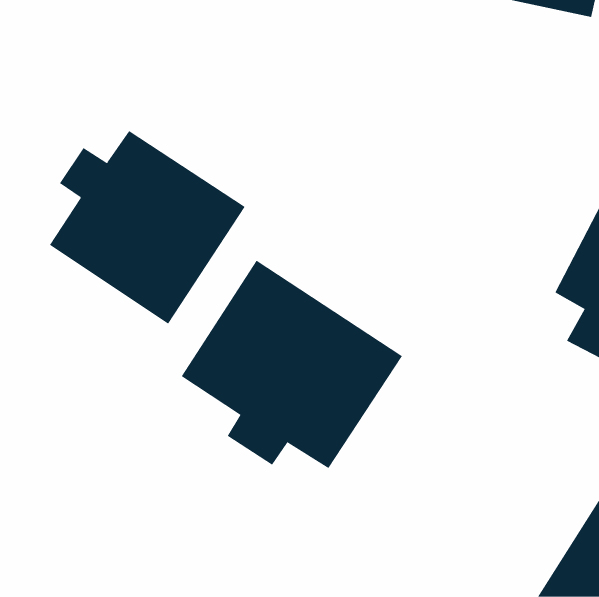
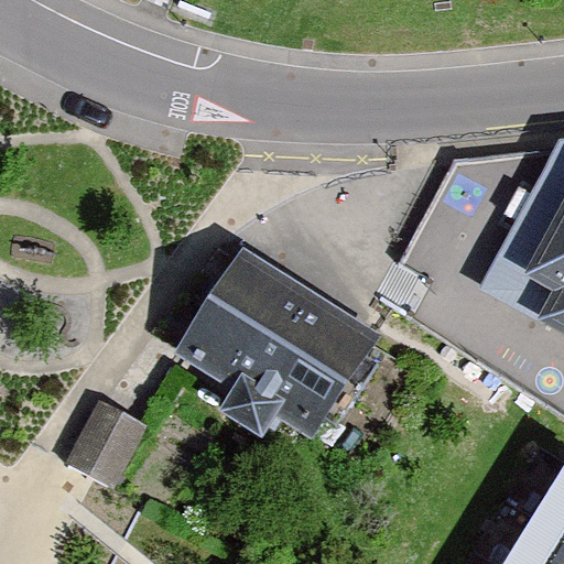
building: [49,130,246,324] -> none
building: none -> [65,401,145,487]

